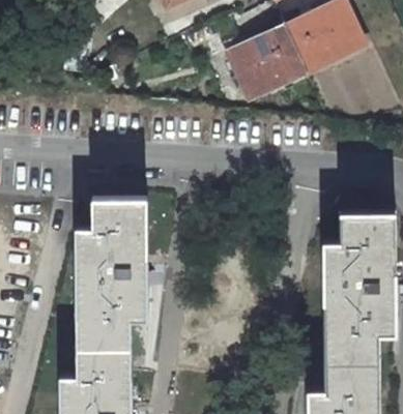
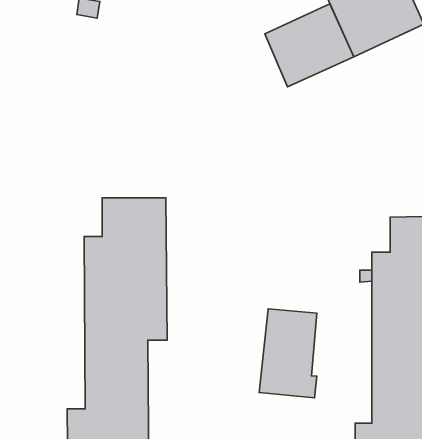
building: none -> [259,309,317,398]

